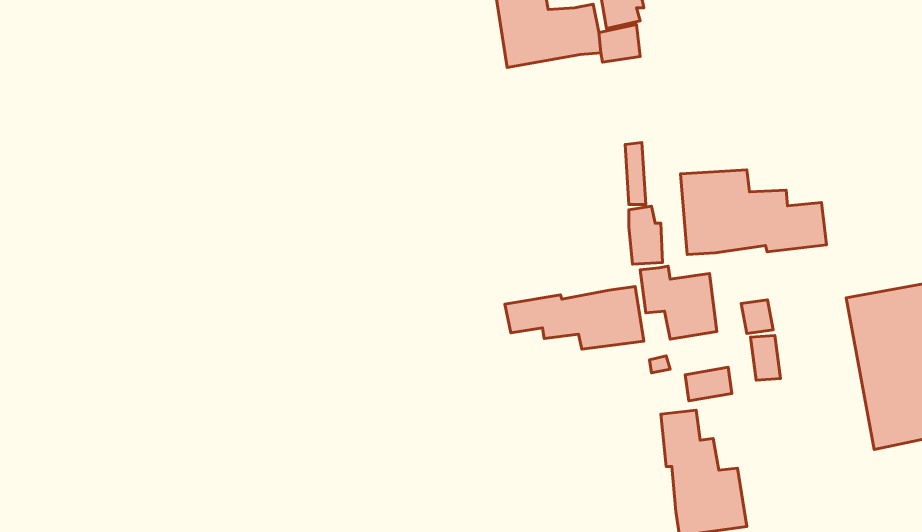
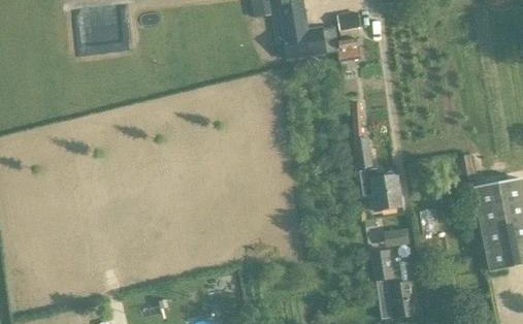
building: [680,170,826,255] -> none
building: [505,287,644,349] -> none

